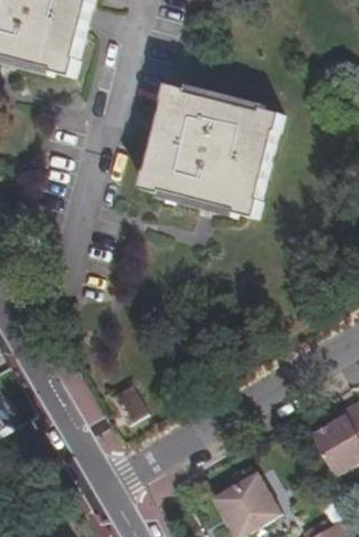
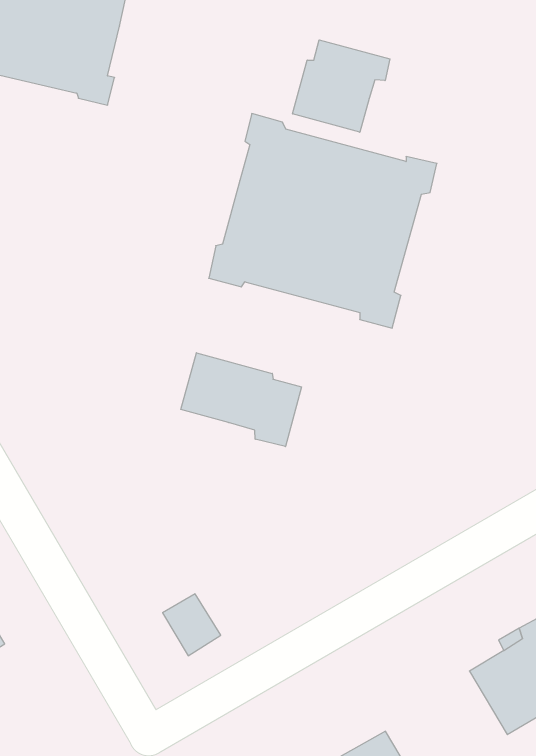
building: none -> [293,40,390,132]
building: none -> [181,353,301,447]

